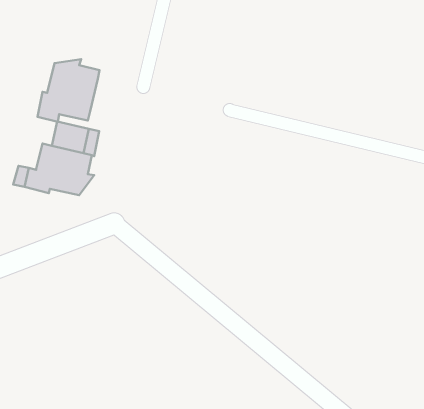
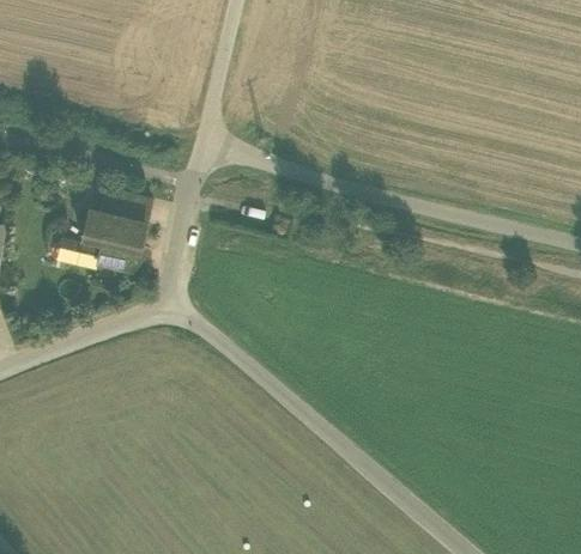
building: [37,59,100,122] -> none

